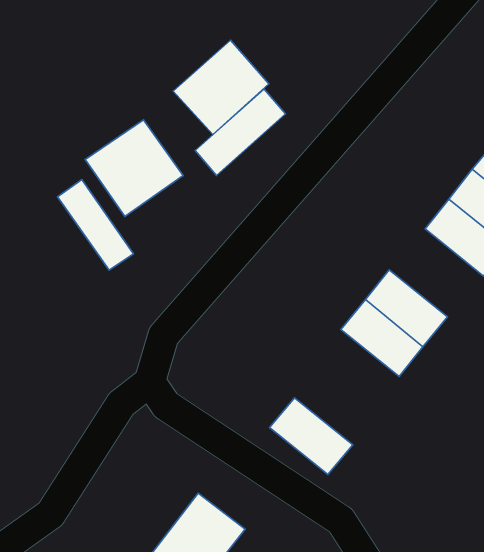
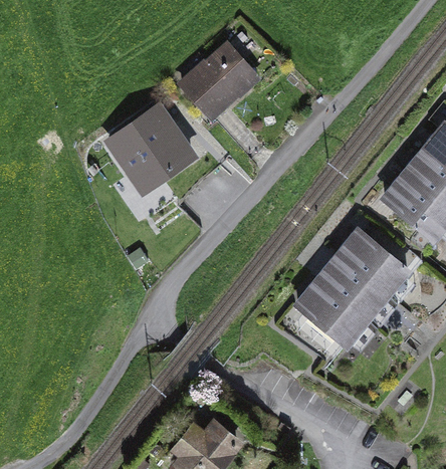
building: [195,89,285,175] -> none
building: [58,179,134,270] -> none
building: [270,398,353,475] -> [297,278,365,340]

